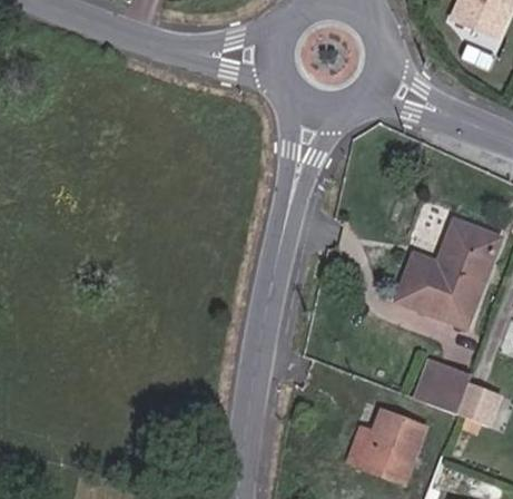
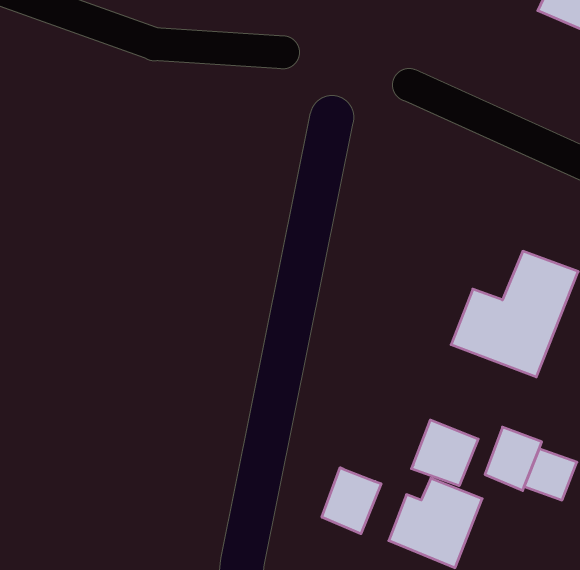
building: none -> [411,420,478,486]
building: none -> [322,468,381,534]

